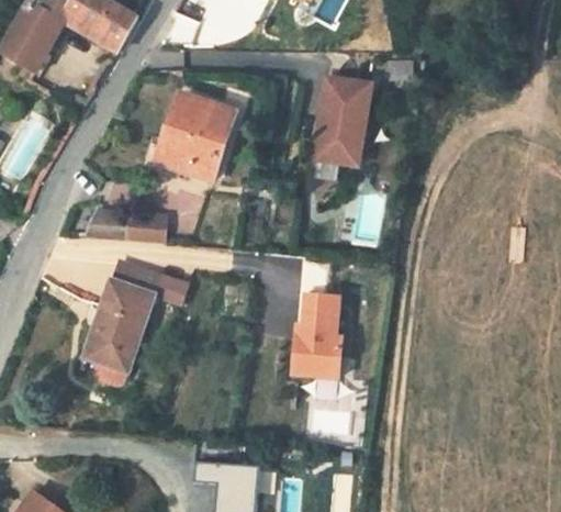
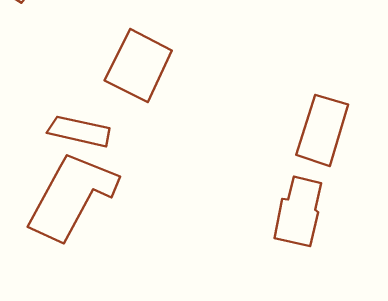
building: [311,78,369,167] -> [296,95,348,166]
building: [290,292,341,379] -> [275,176,321,246]

